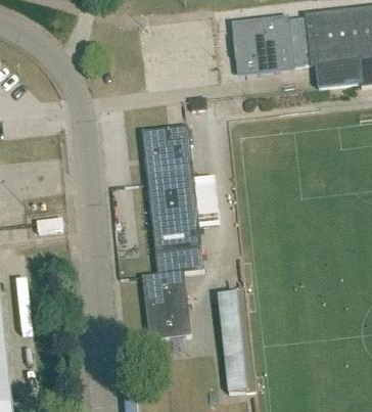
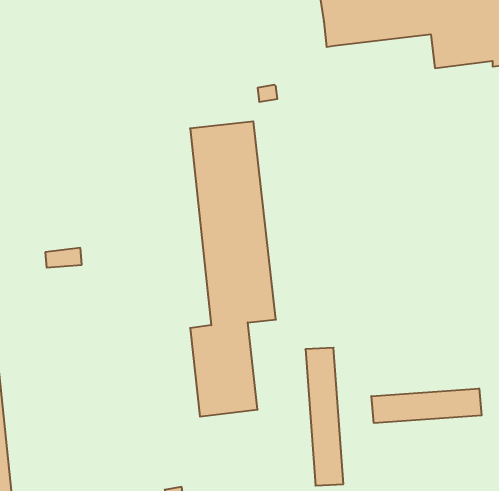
building: none -> [371,388,482,423]

